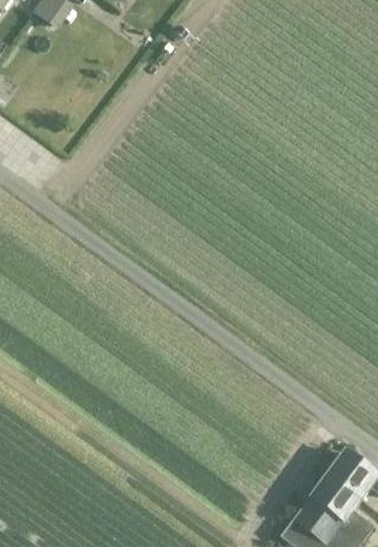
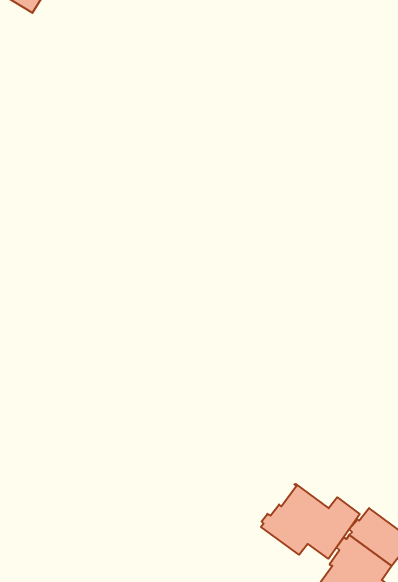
building: none -> [261,484,360,559]

